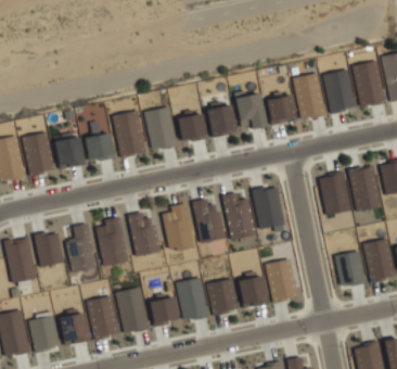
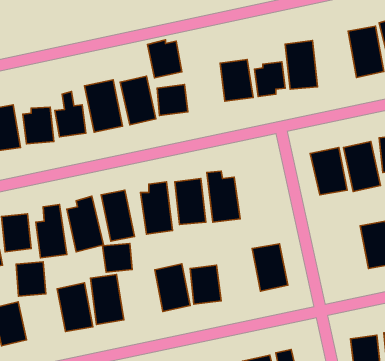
building: [324,69,357,113] -> none
building: [206,103,238,138] -> [148,40,182,78]
building: [253,186,285,229] -> none
building: [337,252,366,287] -> none
building: [238,275,269,308] -> none
building: [151,298,178,325] -> [102,243,132,272]
building: [62,313,89,344] -> [16,262,46,296]

